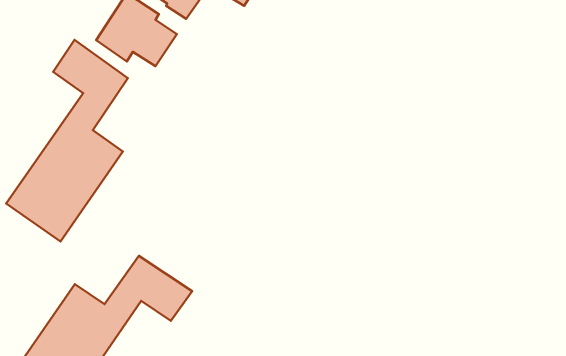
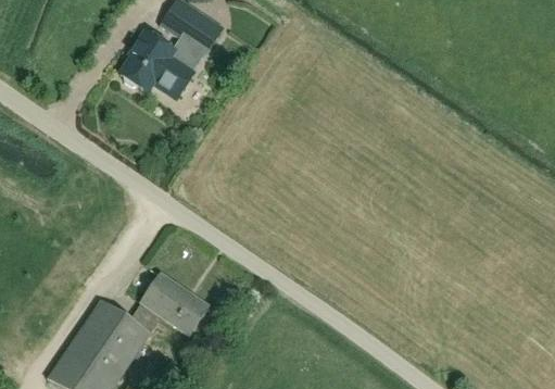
building: [6,40,128,242] -> none

